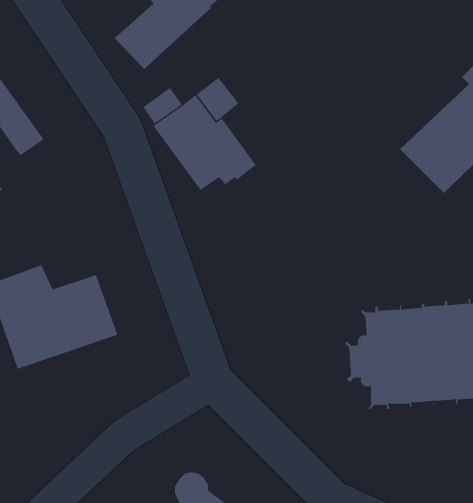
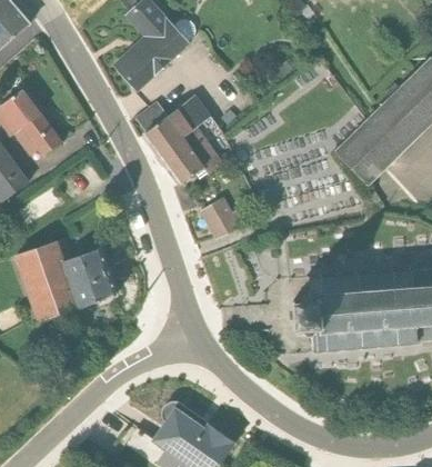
building: none -> [200,197,250,240]

